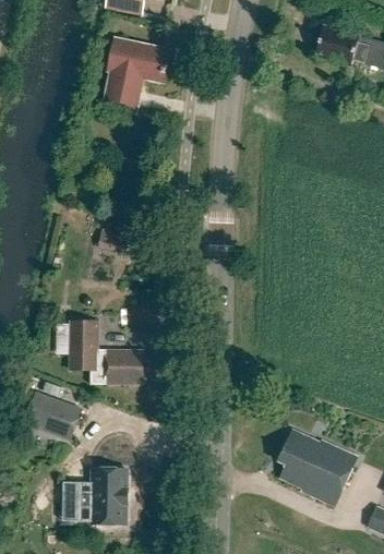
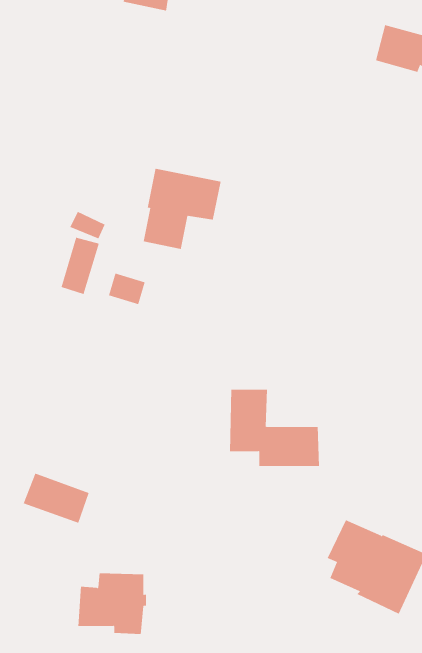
building: [106,38,170,105] -> [143,168,221,250]
building: none -> [61,237,100,295]
building: [69,318,143,382] -> [229,389,320,466]

